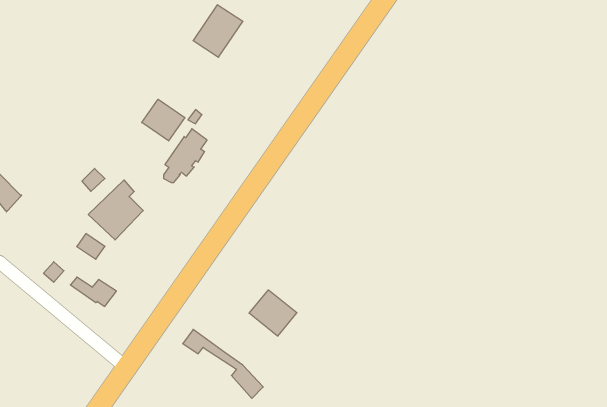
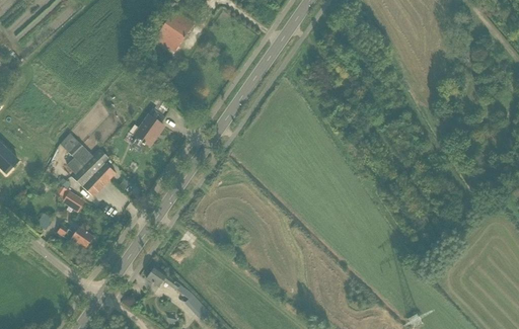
building: [142,99,185,141] -> none
building: [249,290,297,336] -> none

